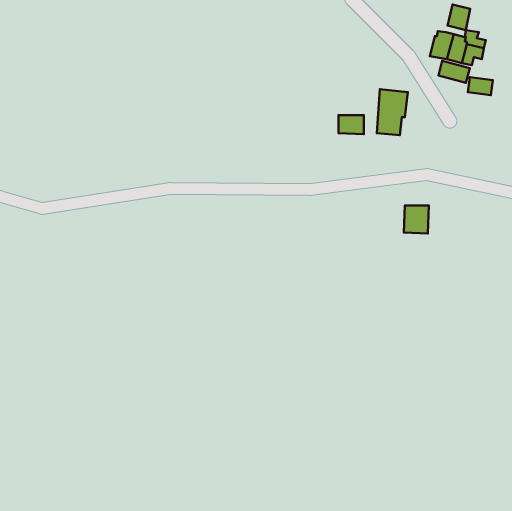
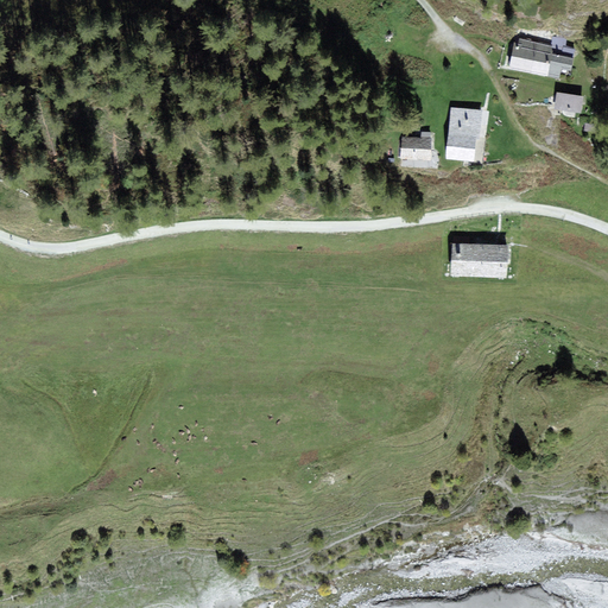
building: [447,4,470,30] -> none
building: [438,61,470,83] -> none
building: none -> [451,242,480,276]

